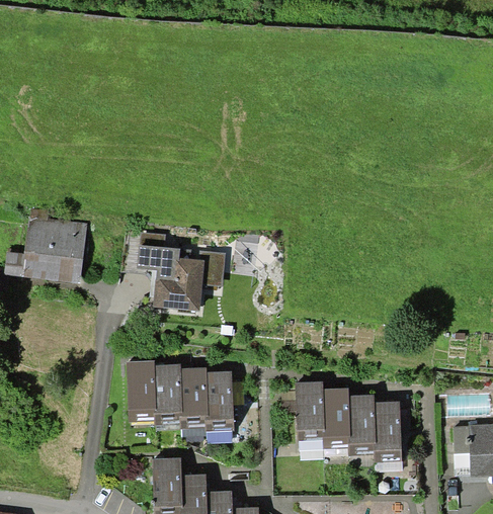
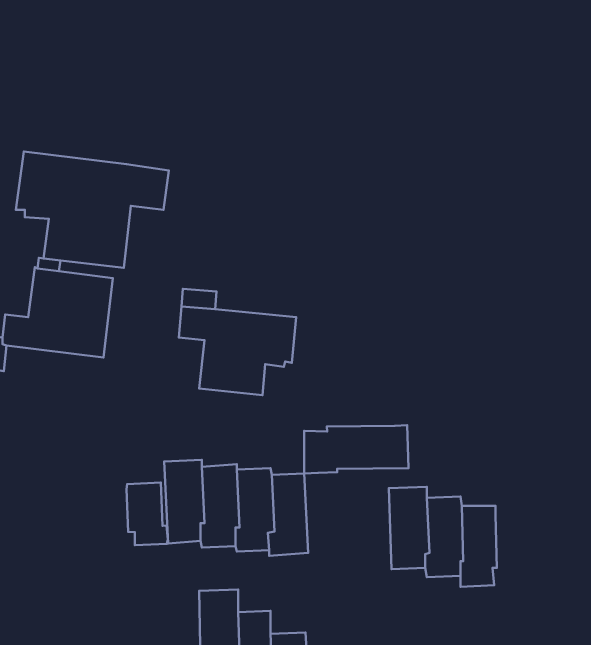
building: none -> [16,151,169,268]
building: none -> [304,425,409,473]
building: none -> [126,482,168,545]
building: [374,401,403,461] -> none

